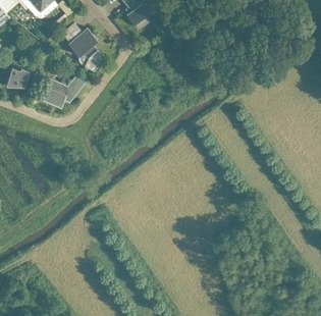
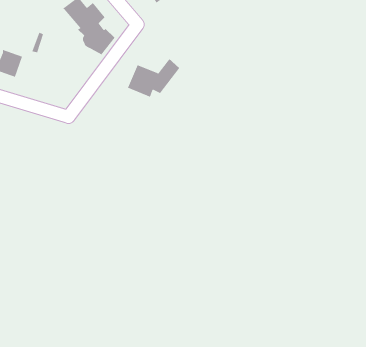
building: [42,73,86,106] -> [127,58,180,98]

